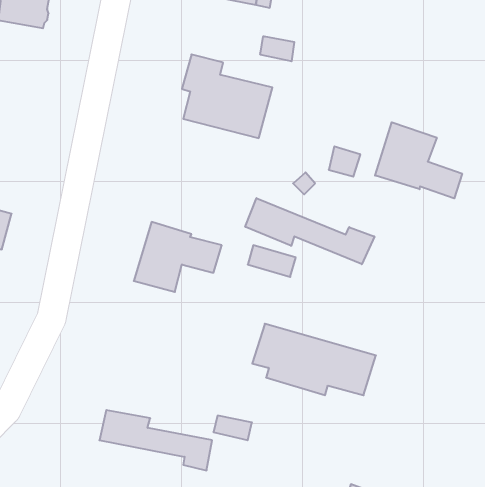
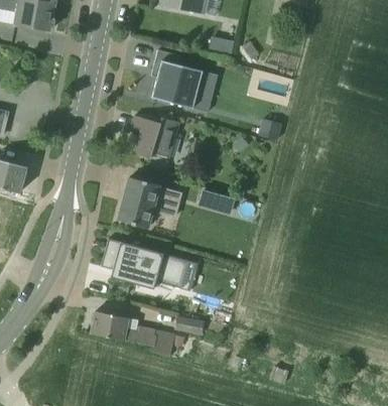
building: [375,122,462,198] -> none
building: none -> [131,116,178,159]
building: [245,198,374,264] -> none
building: [252,324,376,395] -> [101,237,191,289]

